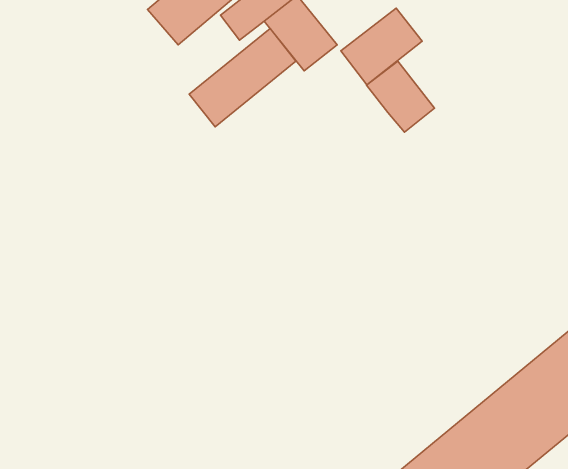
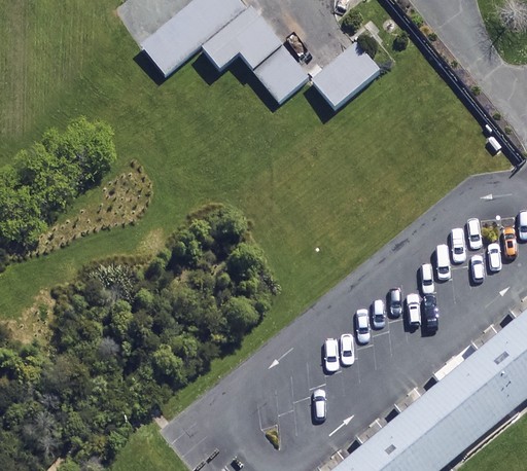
building: [189,29,296,127] -> none
building: [367,61,434,132] -> none

